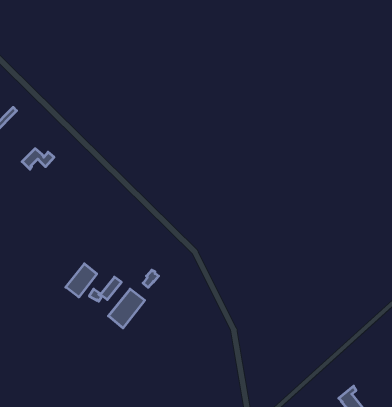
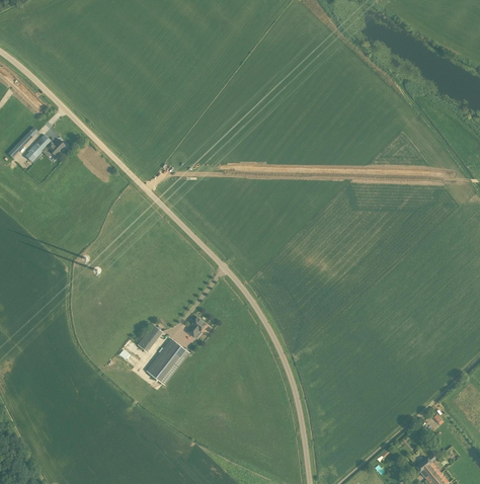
building: [22,149,54,169] -> [27,135,65,159]
building: [66,264,97,297] -> none

